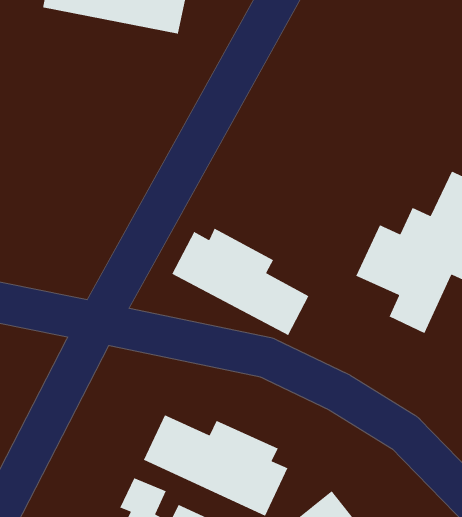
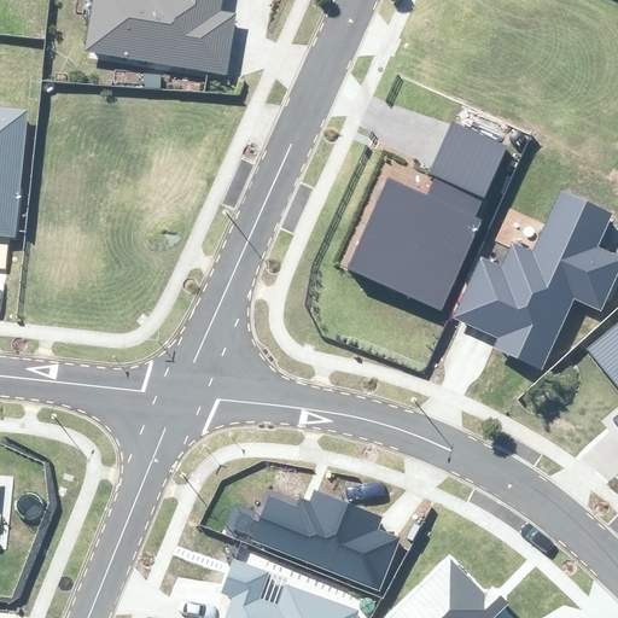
building: none -> [346,122,506,310]
building: [171,228,310,336] -> none

